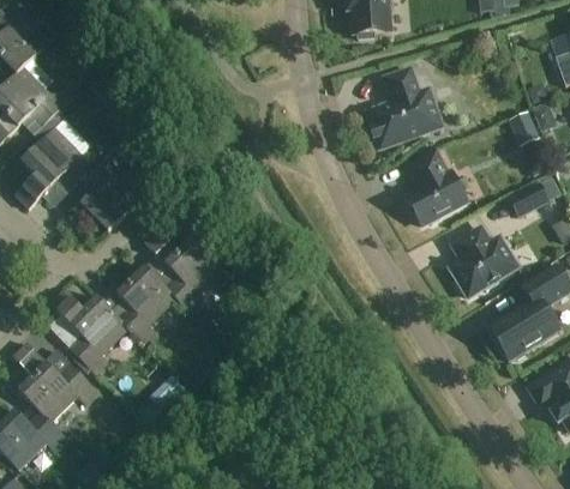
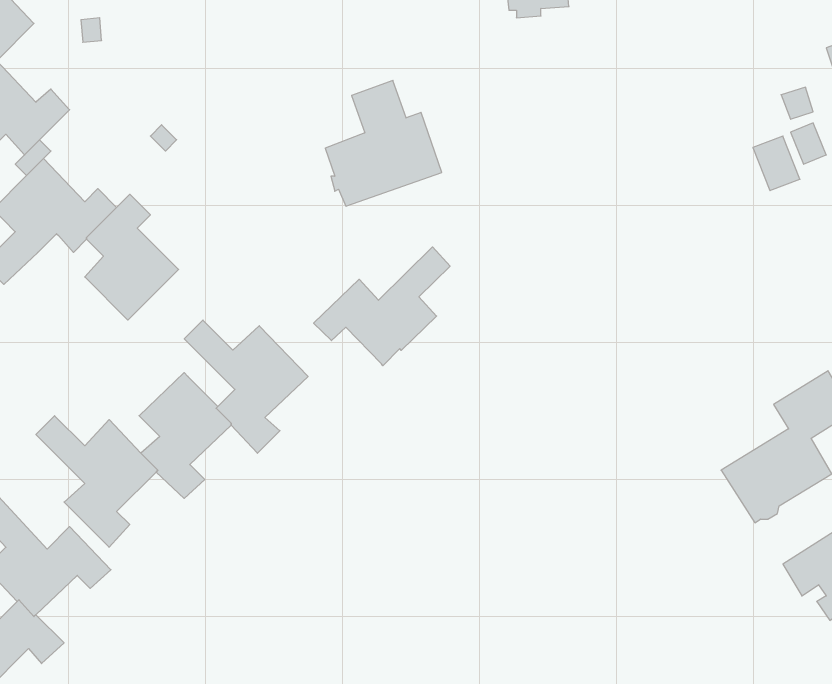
building: [367,67,442,147] -> [325,80,442,206]
building: [407,150,467,224] -> none
building: [510,182,551,218] -> none
building: none -> [314,247,450,366]
building: [450,225,518,296] -> none

